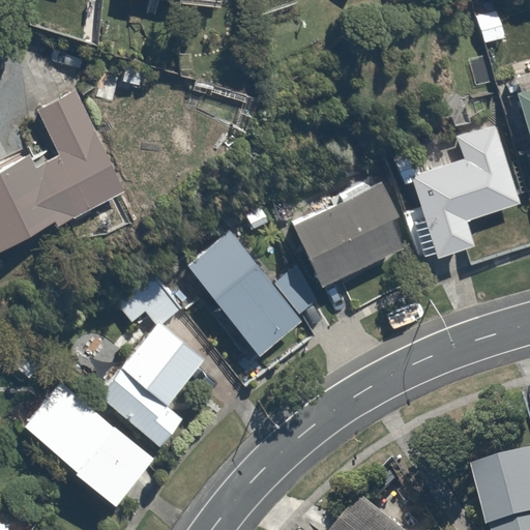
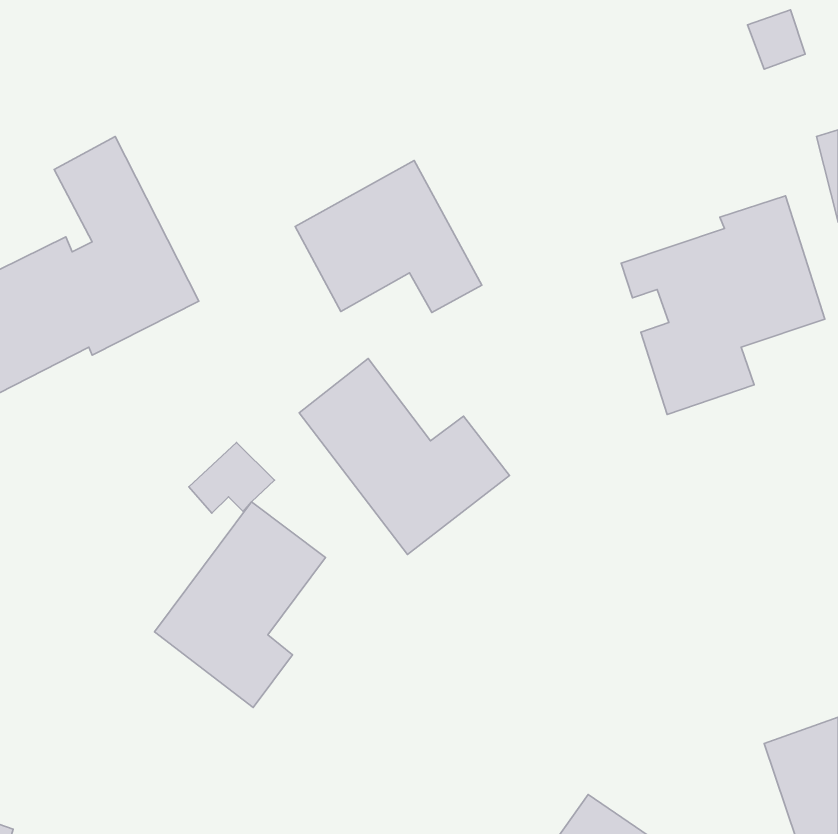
building: none -> [295,161,482,312]
building: [288,183,403,286] -> none
building: [19,373,159,502] -> none

